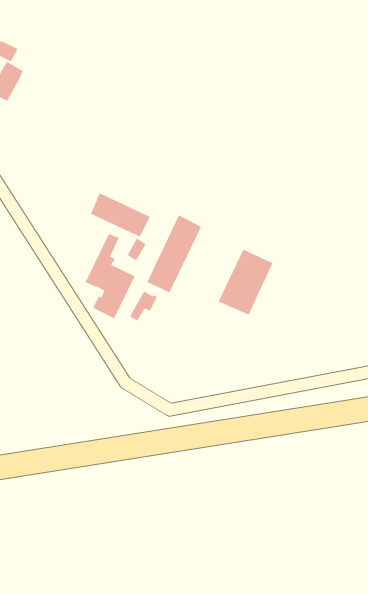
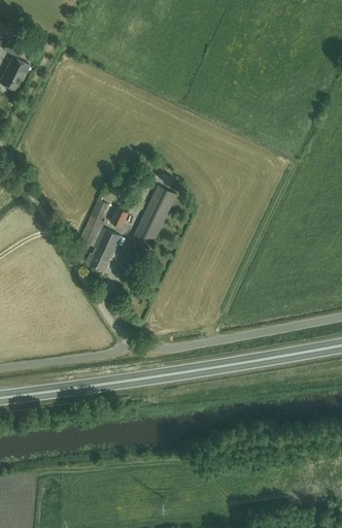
building: [90,192,150,238] -> none
building: [218,249,273,316] -> none

